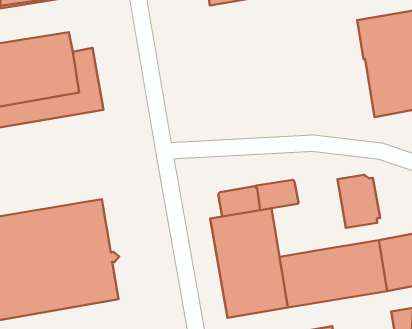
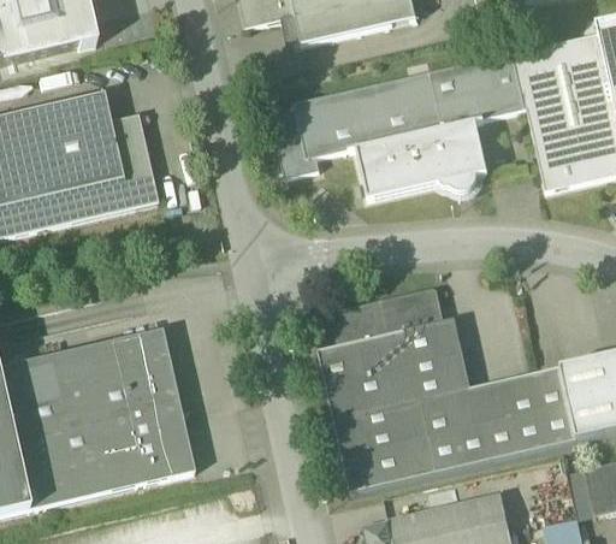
building: none -> [271,54,525,200]
building: [338,175,380,228] -> [404,321,468,398]

